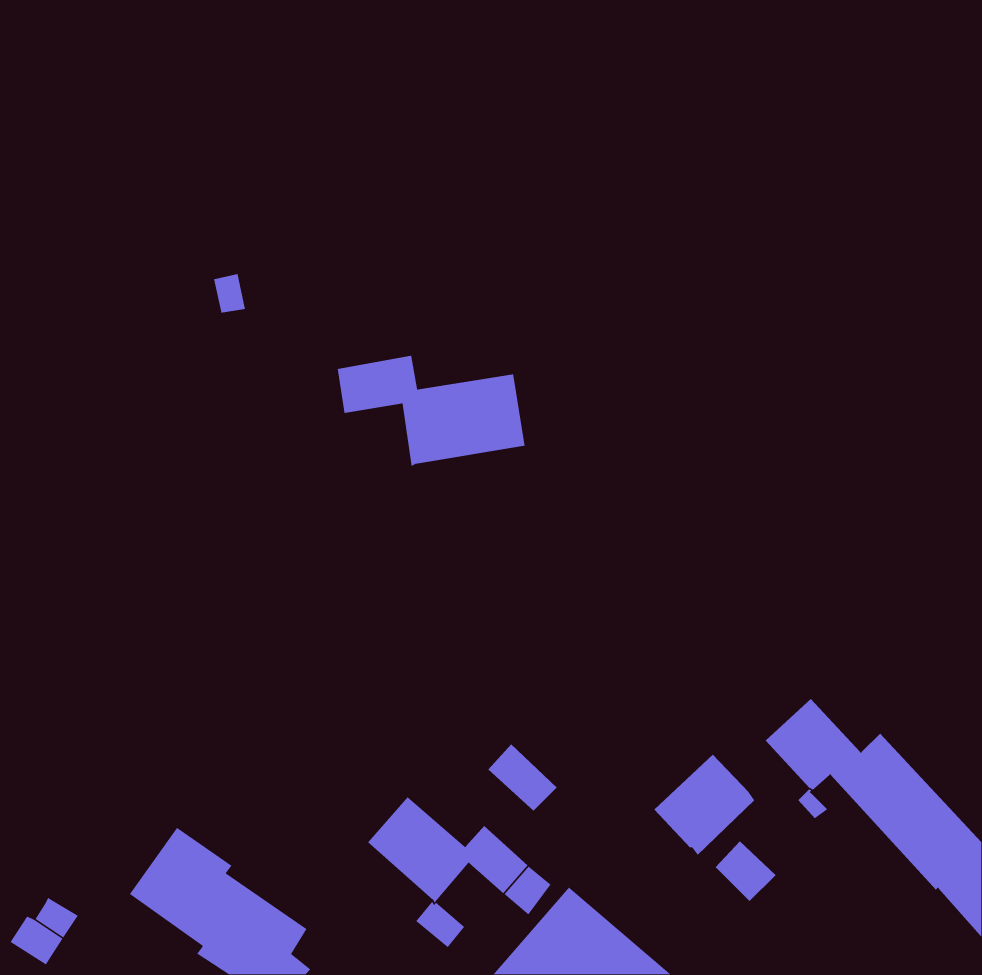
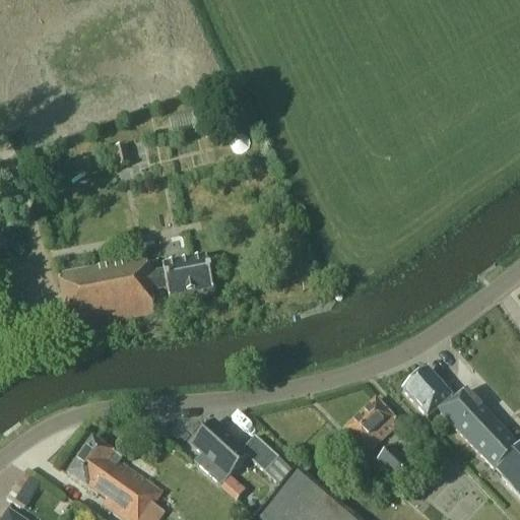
building: [337,355,525,467] -> none
building: none -> [58,255,214,329]
building: [487,743,558,811] -> none

